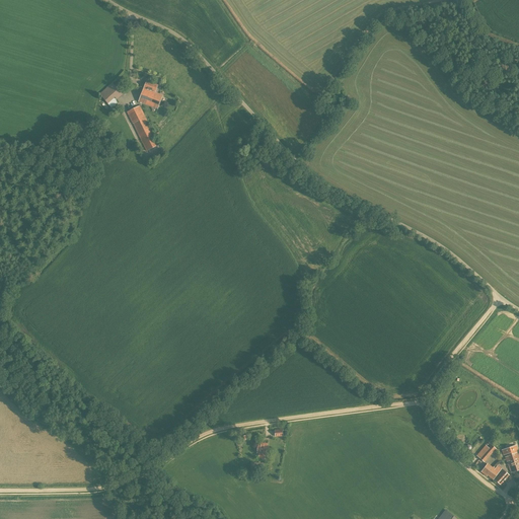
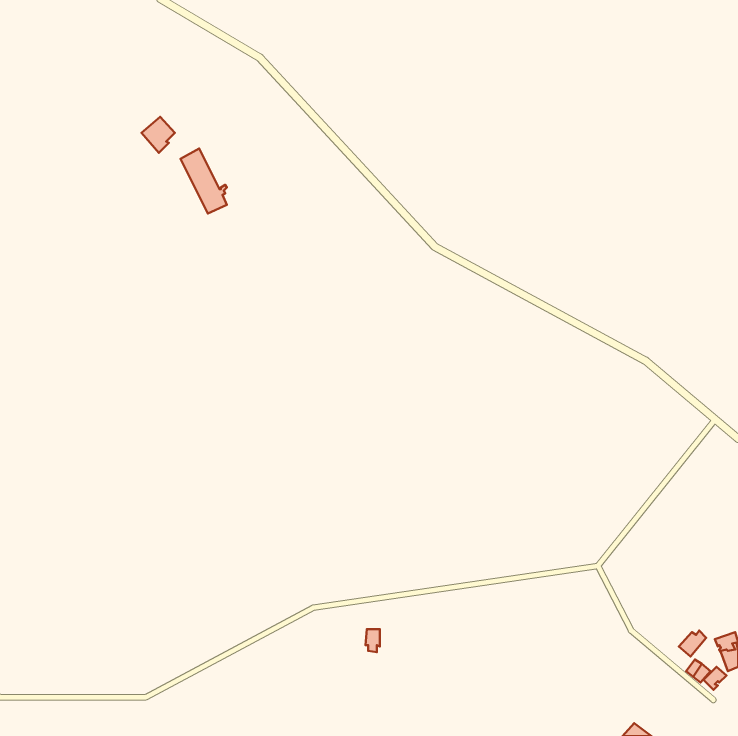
building: [139,80,162,107] -> none

